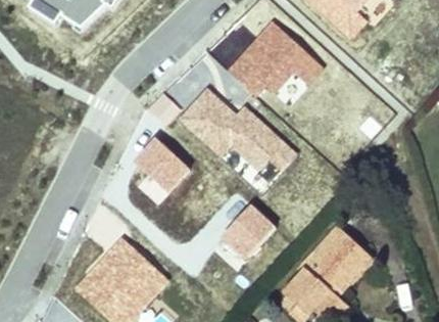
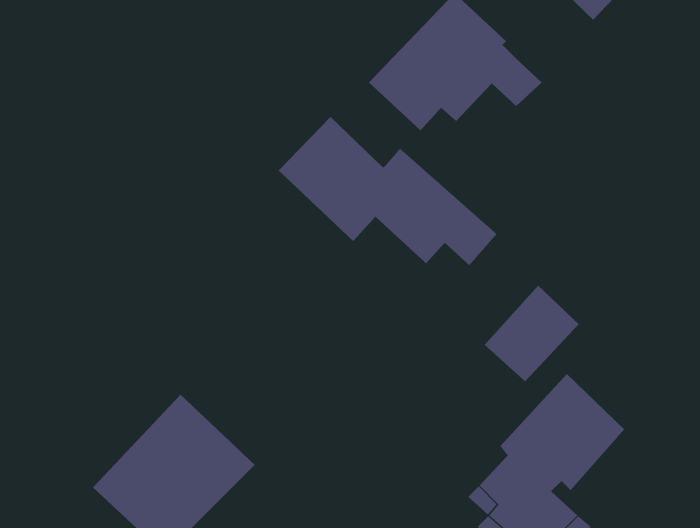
building: [128,136,182,191] -> none
building: [216,202,269,256] -> [484,285,580,382]

